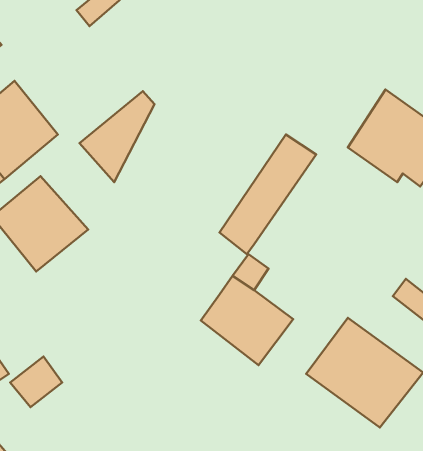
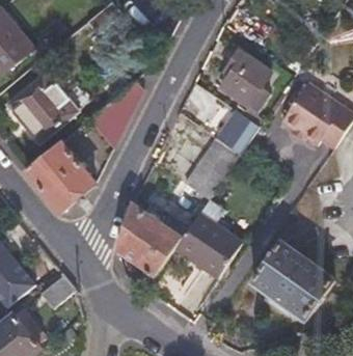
building: none -> [221,50,269,105]
building: none -> [116,200,189,276]

